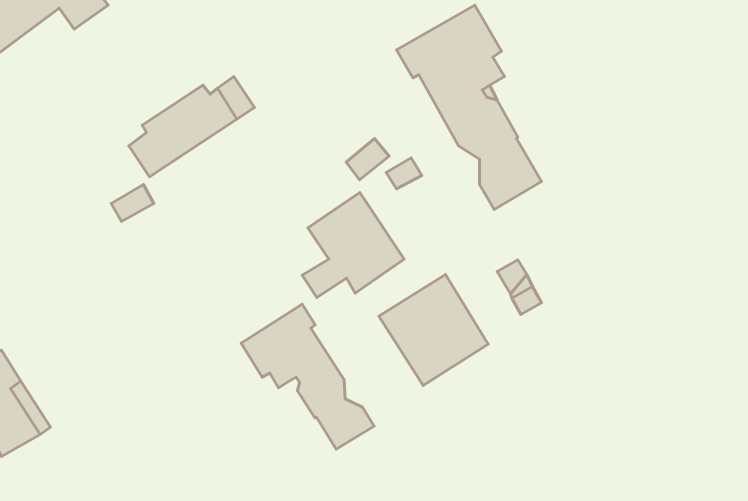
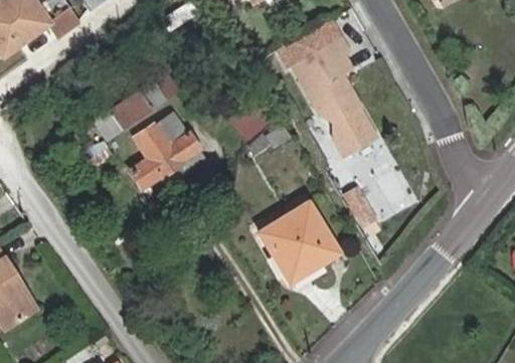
building: [302,192,404,297] -> [133,113,202,184]
building: [241,304,374,449] -> none

